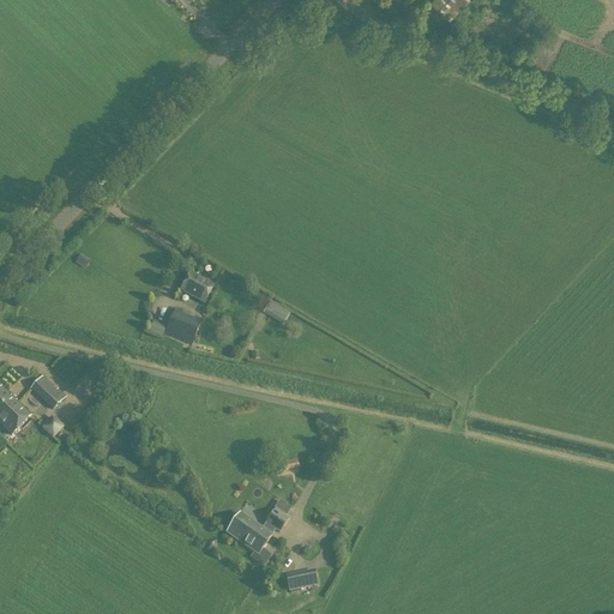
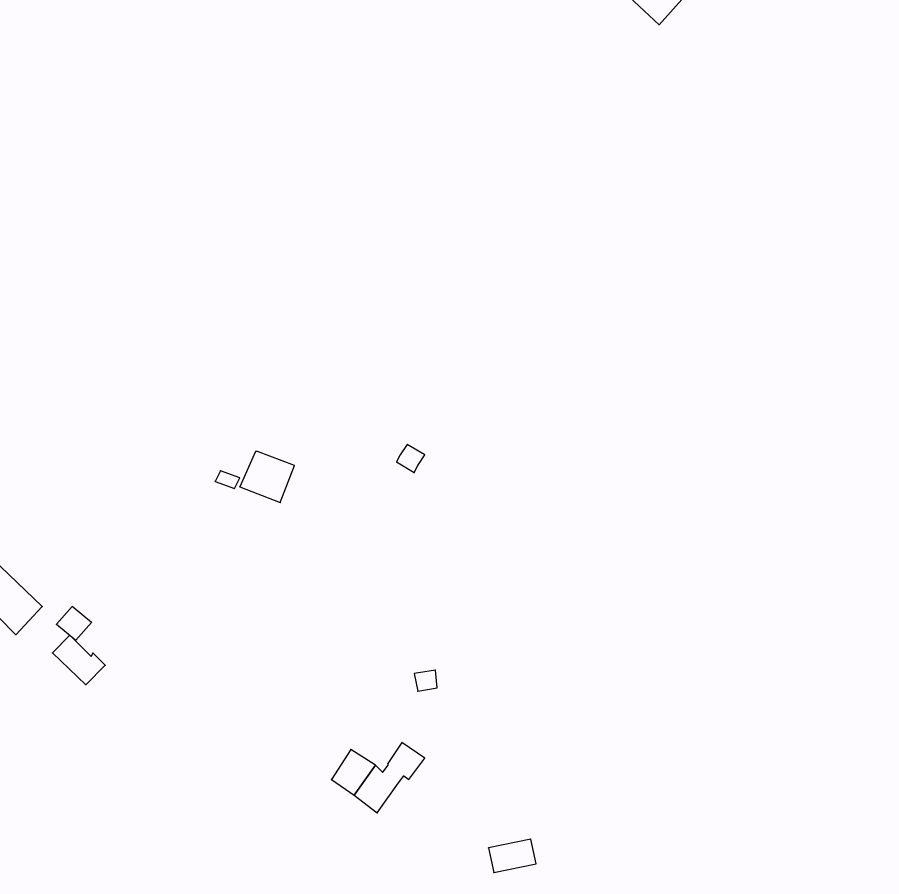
building: [179,270,212,300] -> none
building: [29,373,65,407] -> [52,635,105,685]
building: [284,566,317,589] -> [488,839,536,873]

